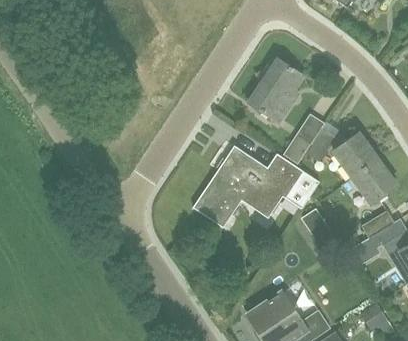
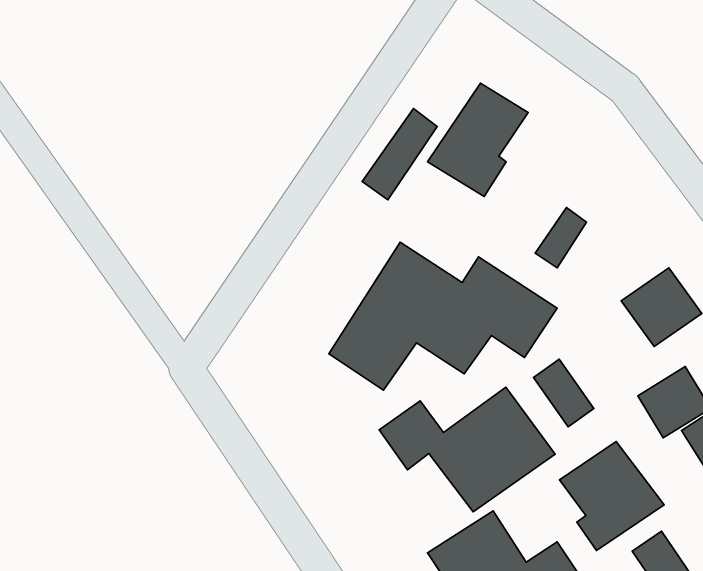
building: [284,114,325,164] -> [362,108,437,200]
building: [335,133,380,177] -> none
building: none -> [379,387,555,512]
building: none -> [559,442,664,550]

